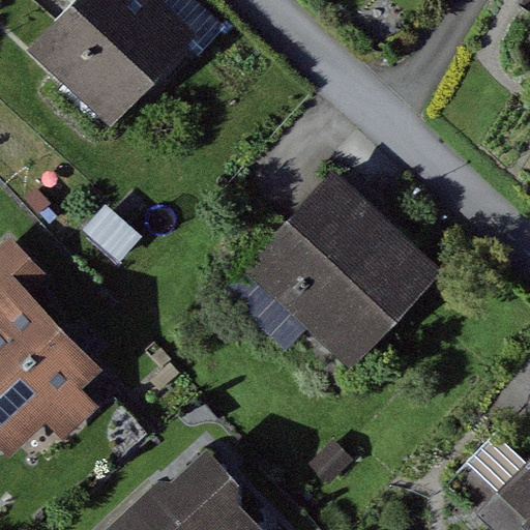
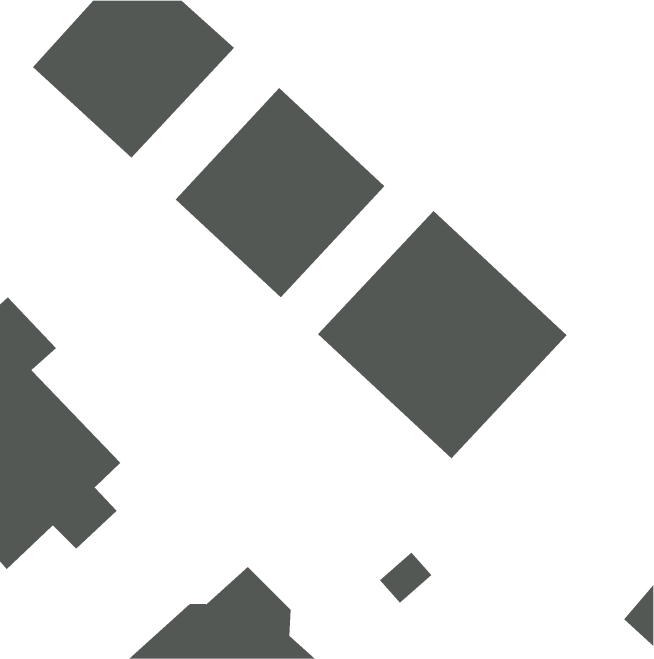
building: none -> [175,87,385,298]

